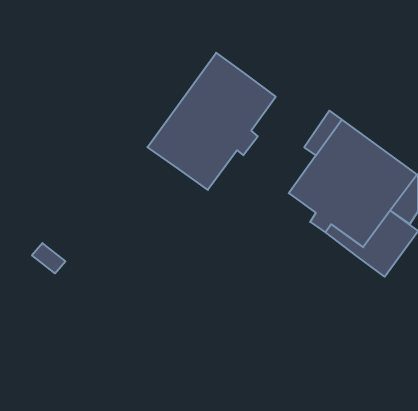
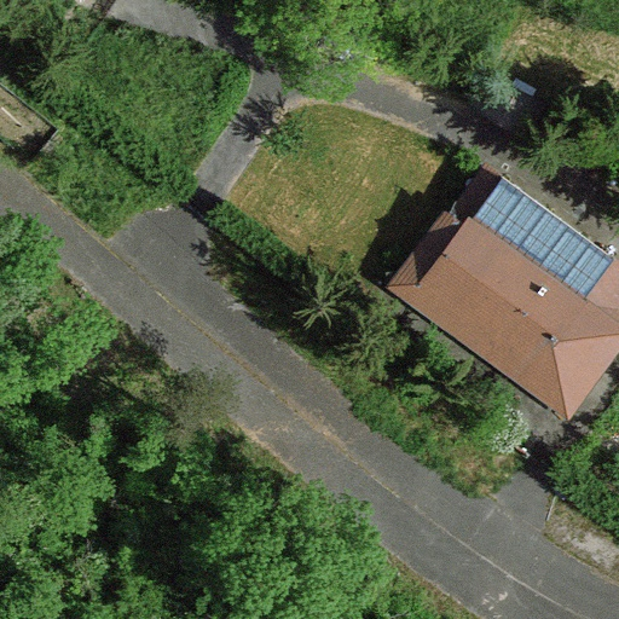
building: [147,53,276,190] -> none

